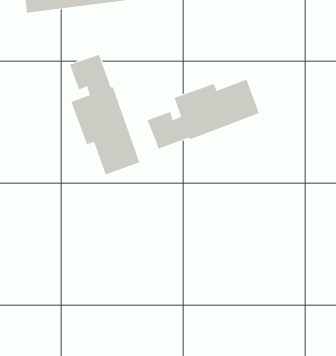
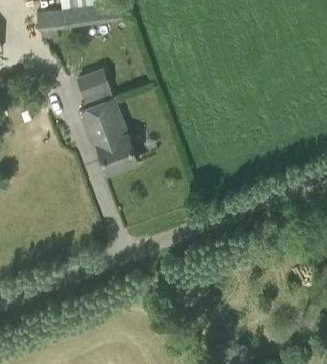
building: [147,79,259,150] -> none

